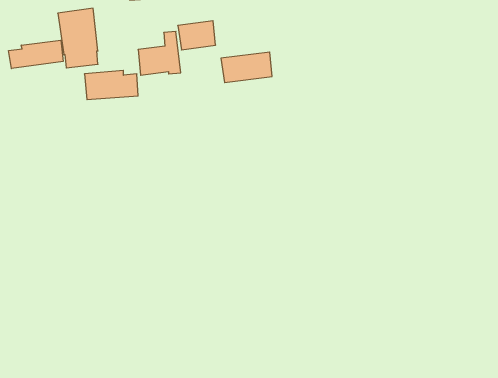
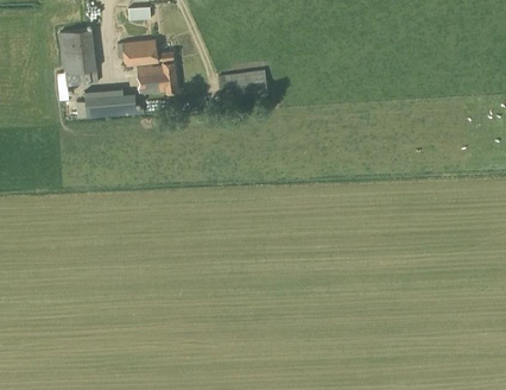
building: [178,21,216,50] -> [121,38,158,67]
building: [9,40,63,69] -> none

